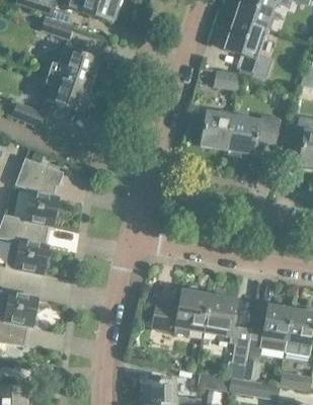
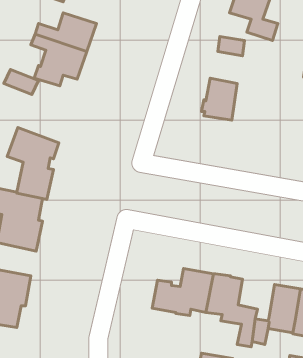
building: [228,115,279,155] -> none

